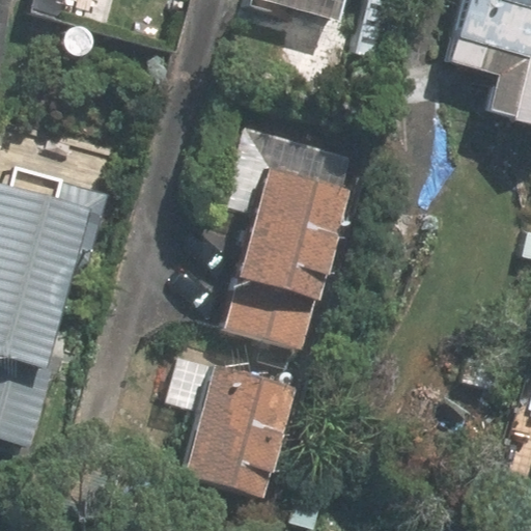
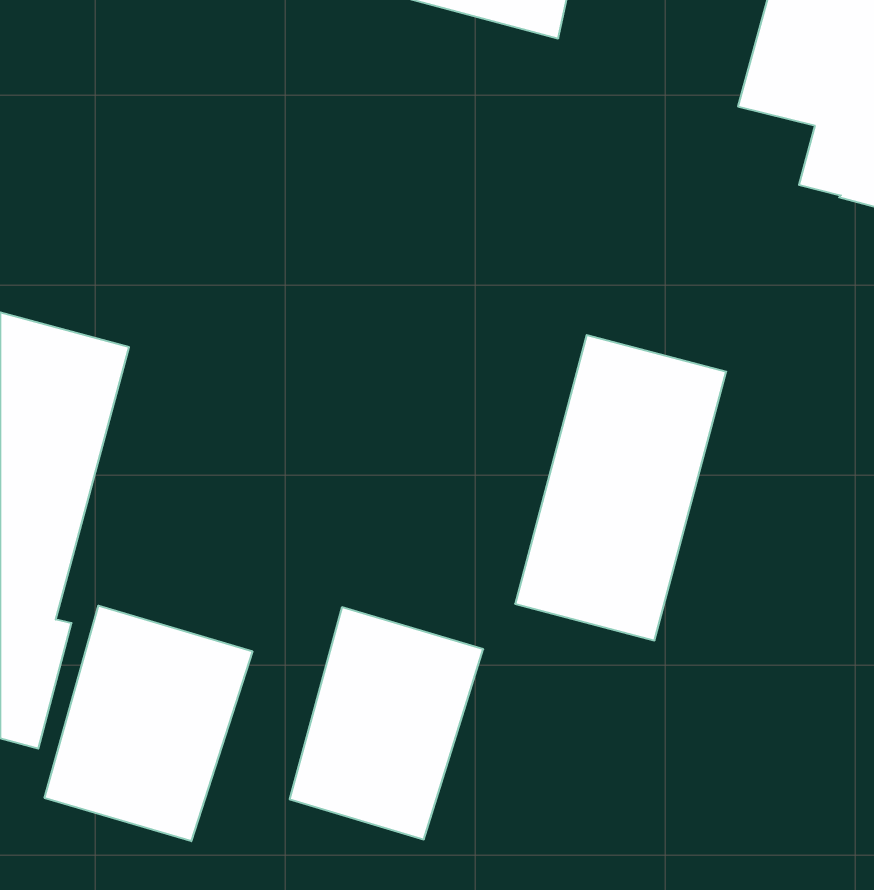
building: [223,167,348,348] -> [515,335,726,640]
building: none -> [45,606,252,841]

